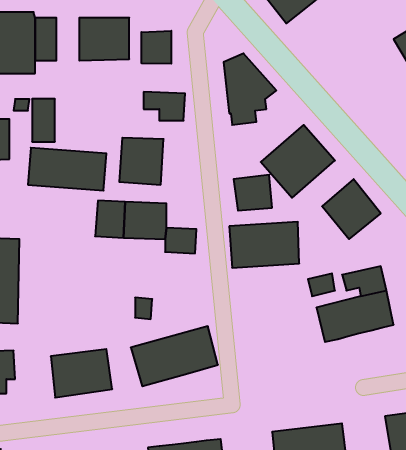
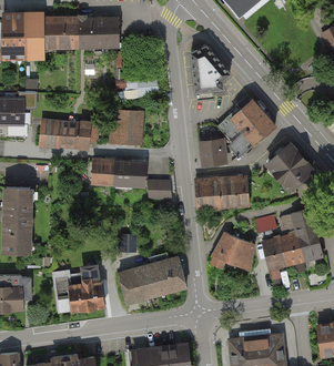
building: [141,31,171,64] -> none
building: [32,99,55,142] -> [60,17,78,50]
building: none -> [208,232,254,272]

